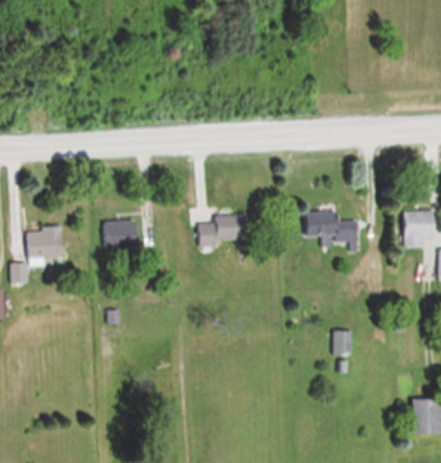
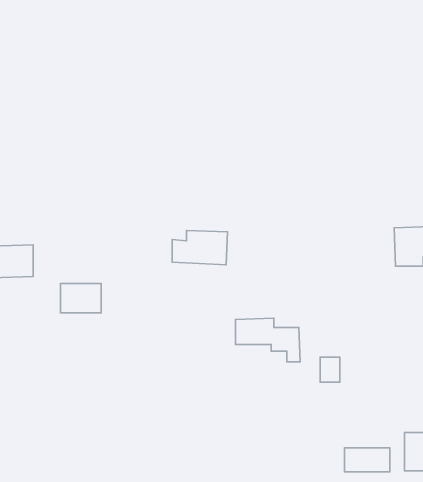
building: [302,212,361,252] -> [235,318,300,362]
building: [107,222,144,248] -> [60,284,101,313]
building: none -> [345,448,390,472]

